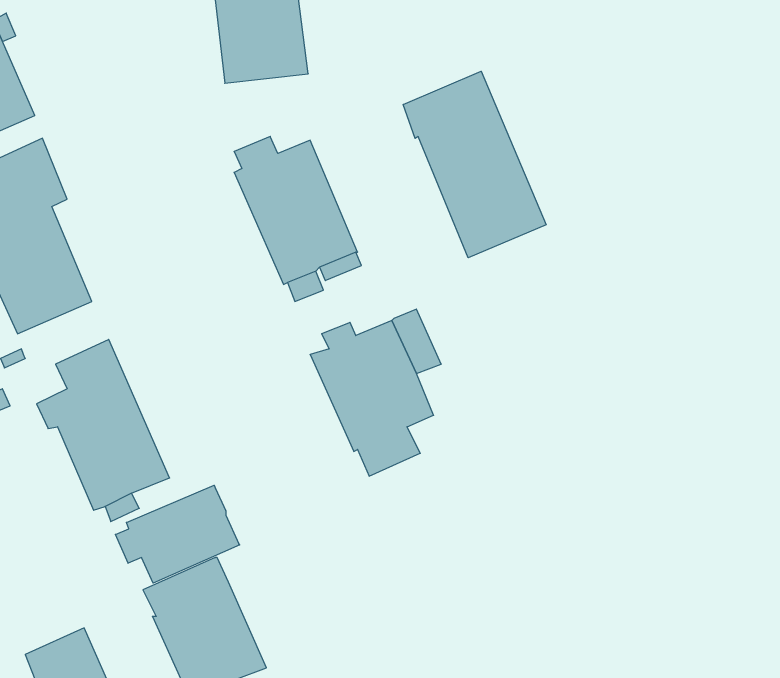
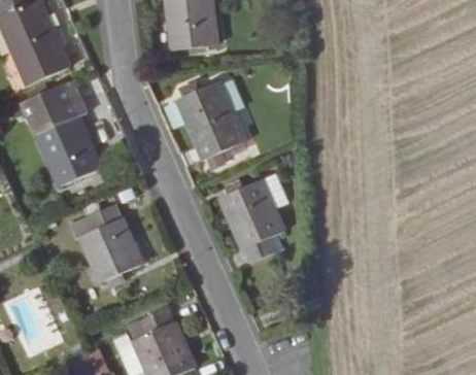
building: [403,71,546,258] -> none
building: [115,485,240,583] -> none

